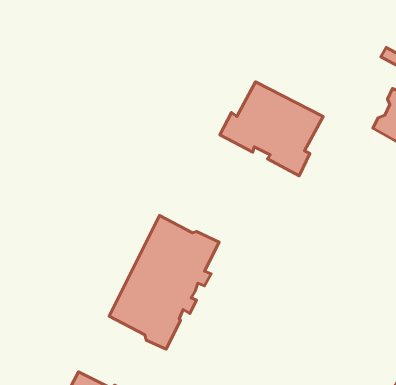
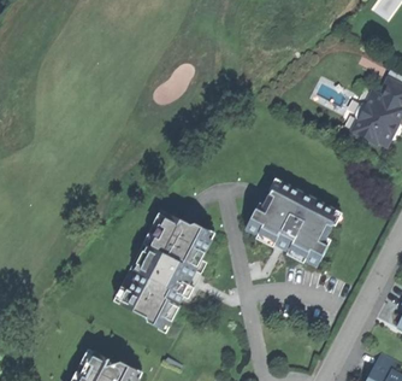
building: [220,82,323,176] -> [246,178,339,264]

